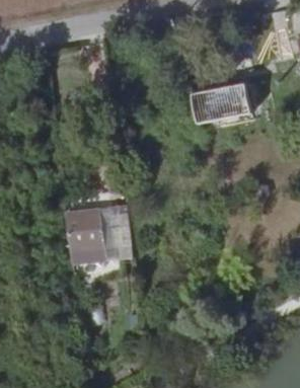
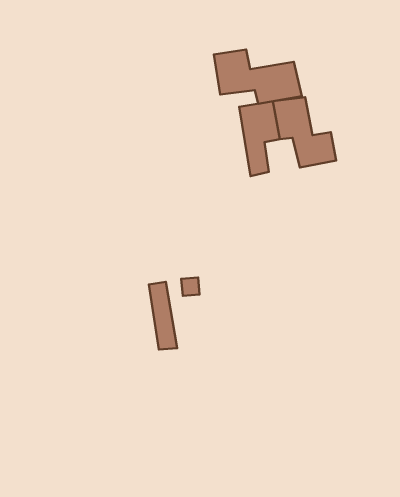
building: none -> [214,49,302,104]
building: [81,211,117,261] -> none

